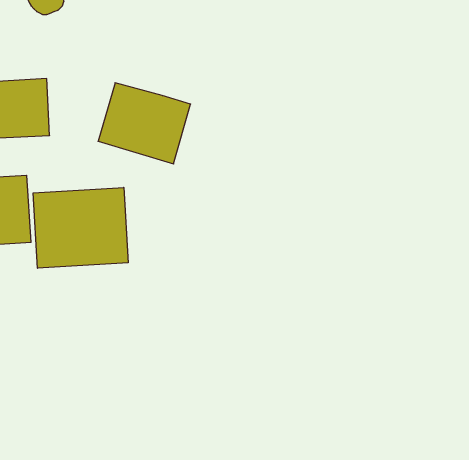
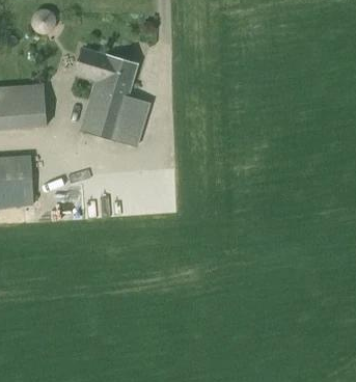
building: none -> [76,52,137,97]
building: [33,187,128,268] -> none

